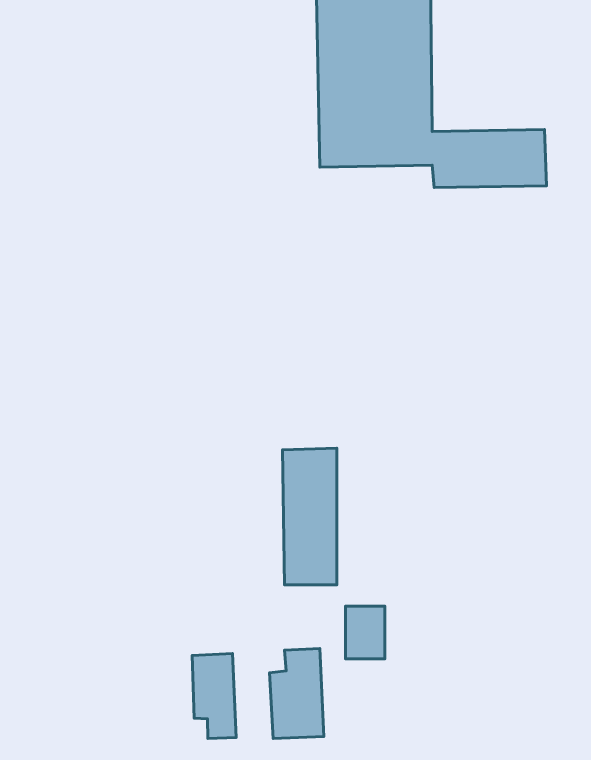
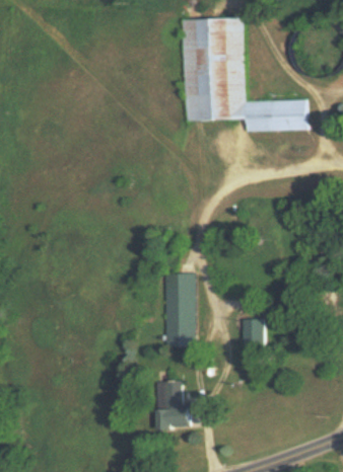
building: [346,606,385,659] -> [243,318,264,346]
building: [192,653,236,738] -> none

